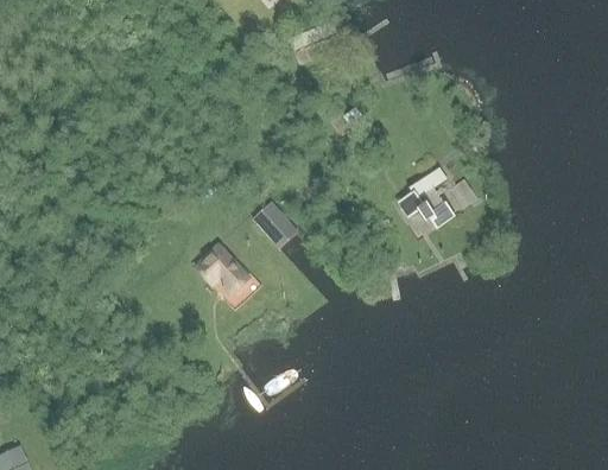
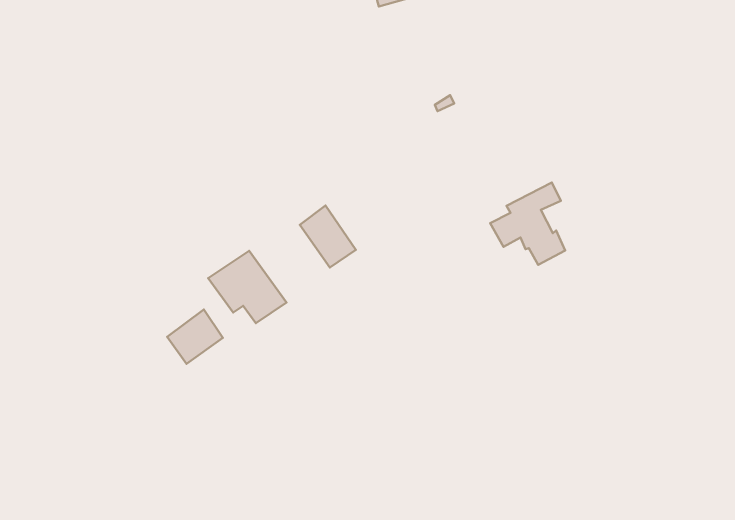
building: none -> [167,309,223,364]

